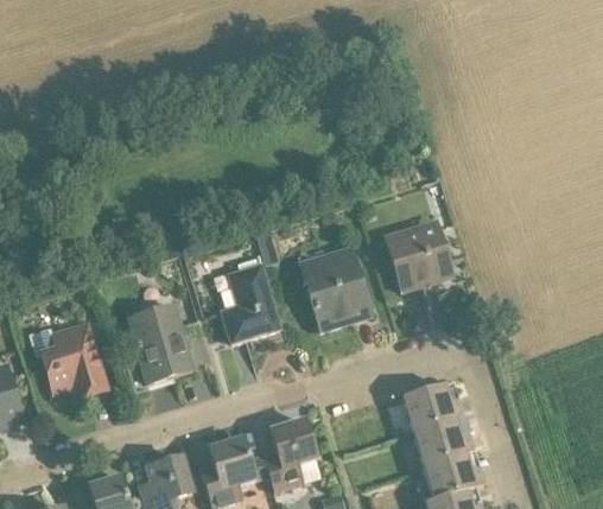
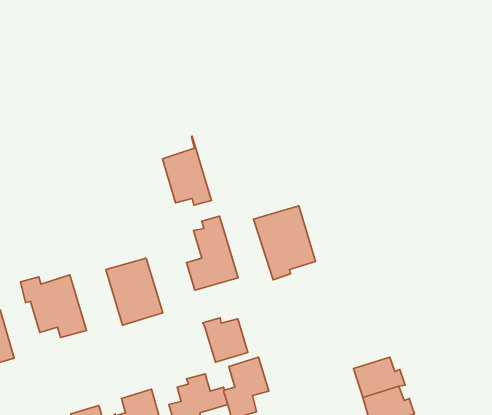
building: none -> [163,136,211,205]
building: [386,222,452,292] -> none
building: none -> [203,318,248,362]
building: [402,382,463,433] -> none

